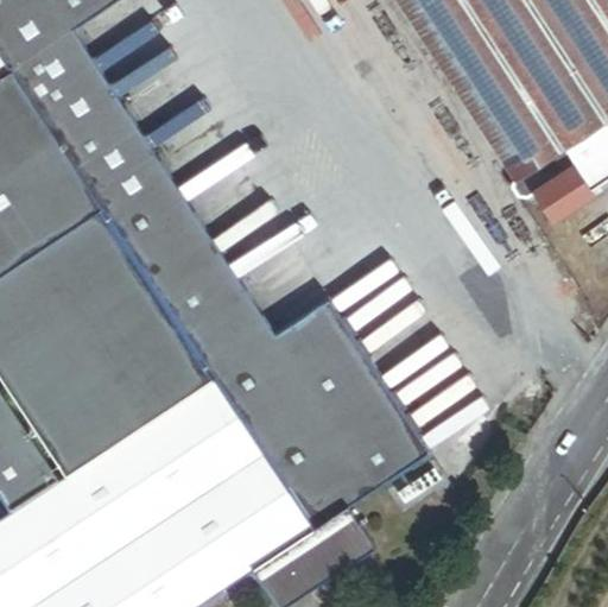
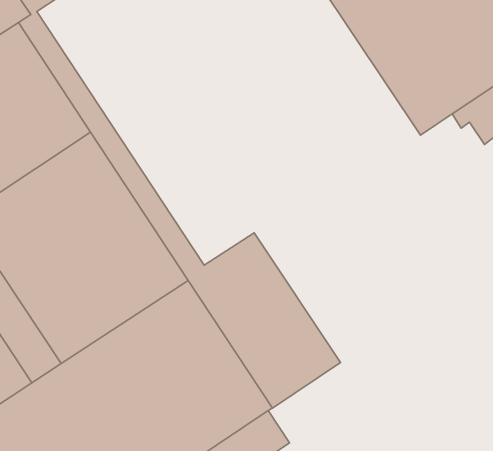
building: [513,154,593,220] -> none

